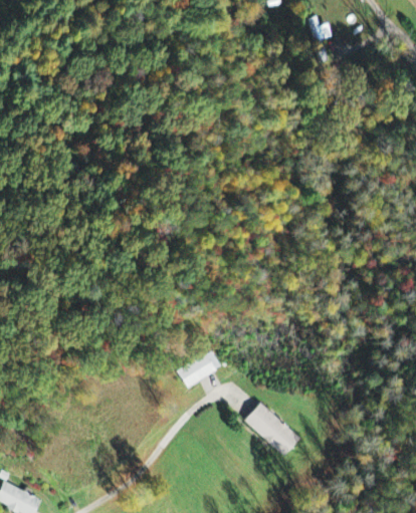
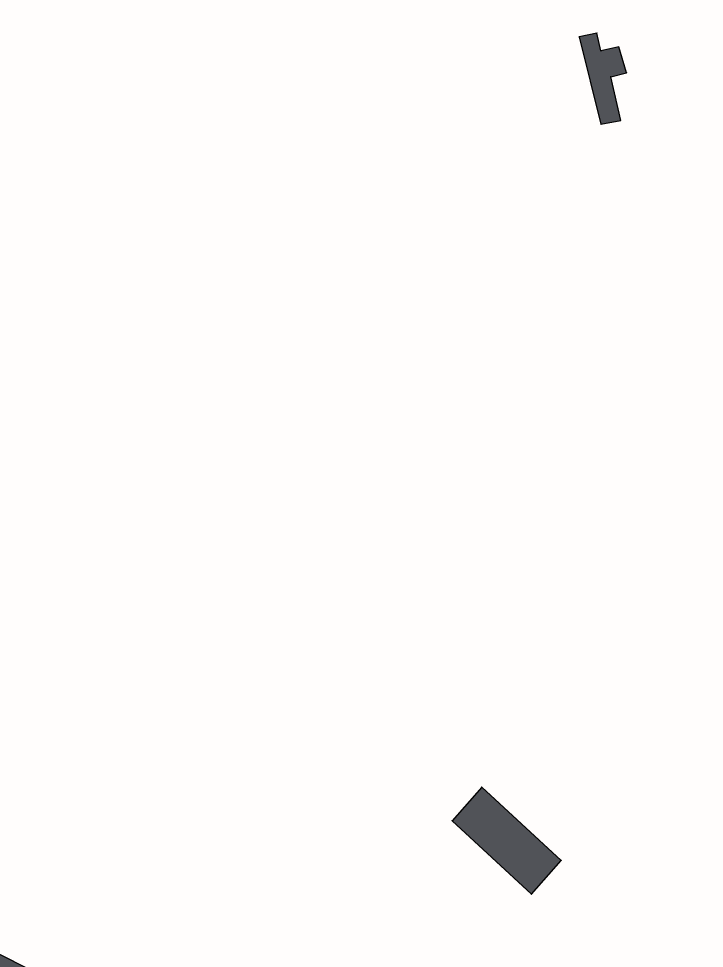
building: [177,354,214,388] -> none

